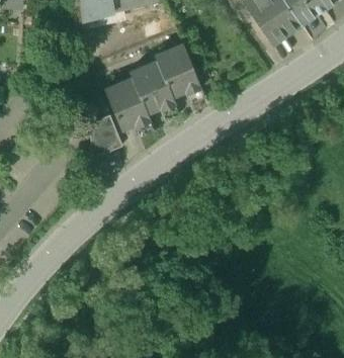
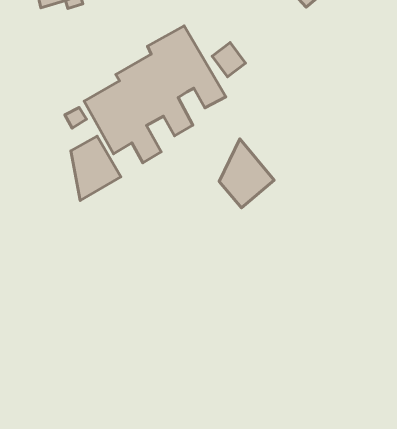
building: none -> [219,139,274,208]

